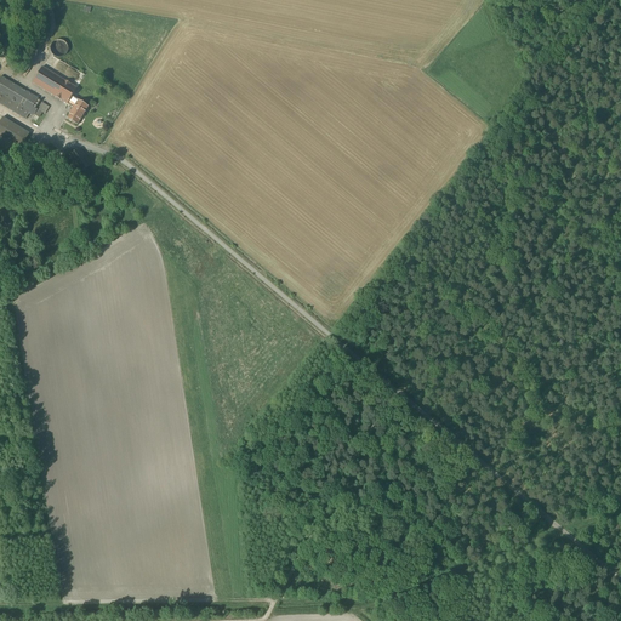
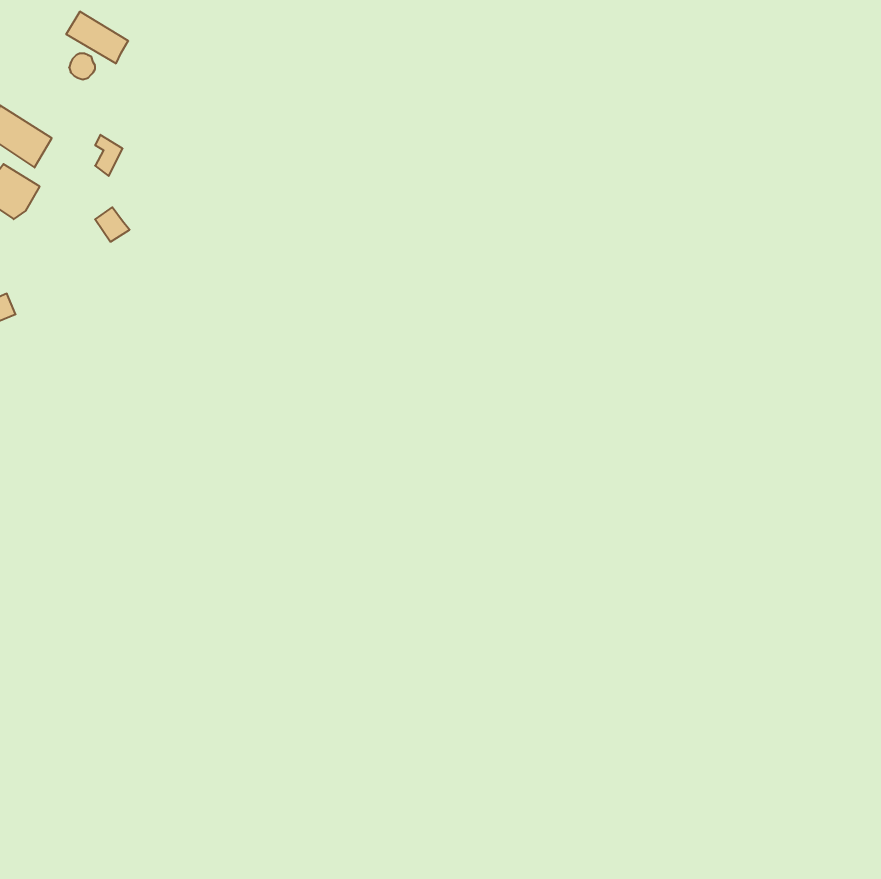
building: [32,65,75,102] -> [66,12,128,63]

